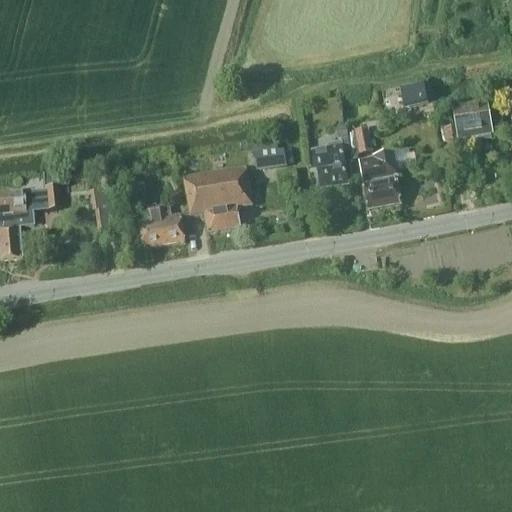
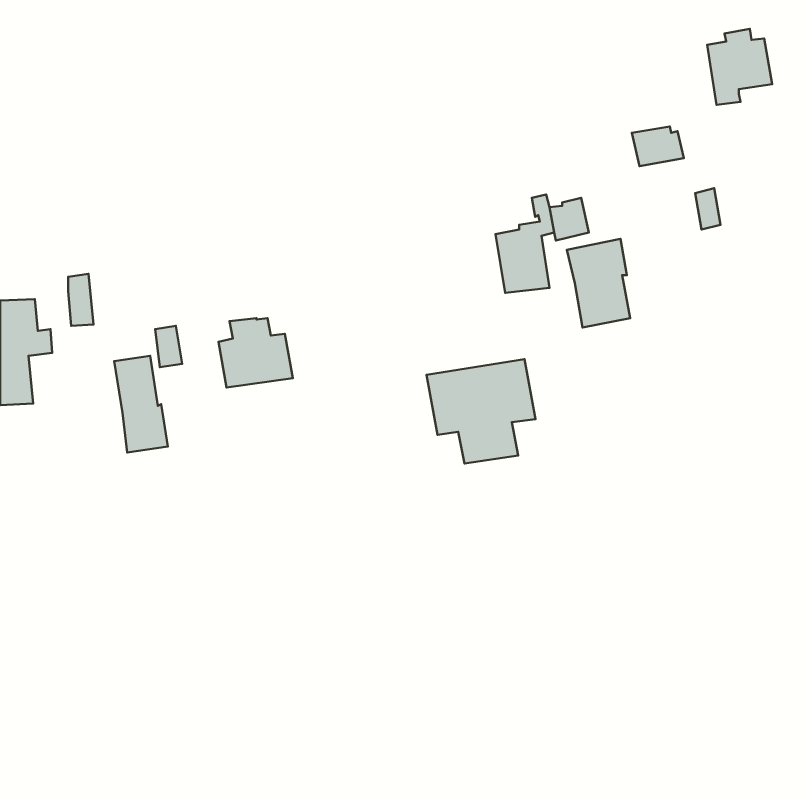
building: [452,96,493,144] -> [707,29,772,105]
building: [254,147,291,167] -> none
building: [183,164,252,230] -> [426,359,536,463]
building: none -> [114,356,168,452]

